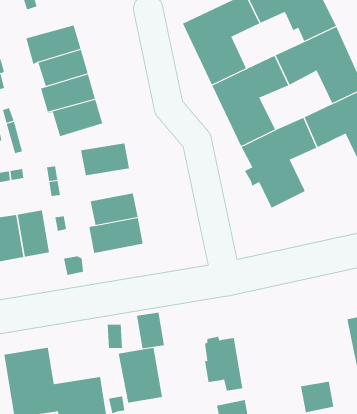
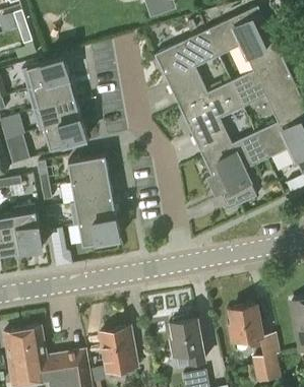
building: none -> [72,177,113,204]
building: [136,312,165,349] -> none
building: none -> [230,305,263,347]

